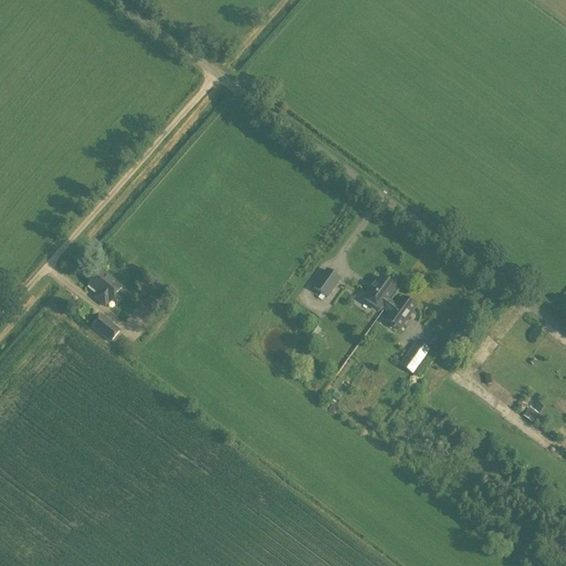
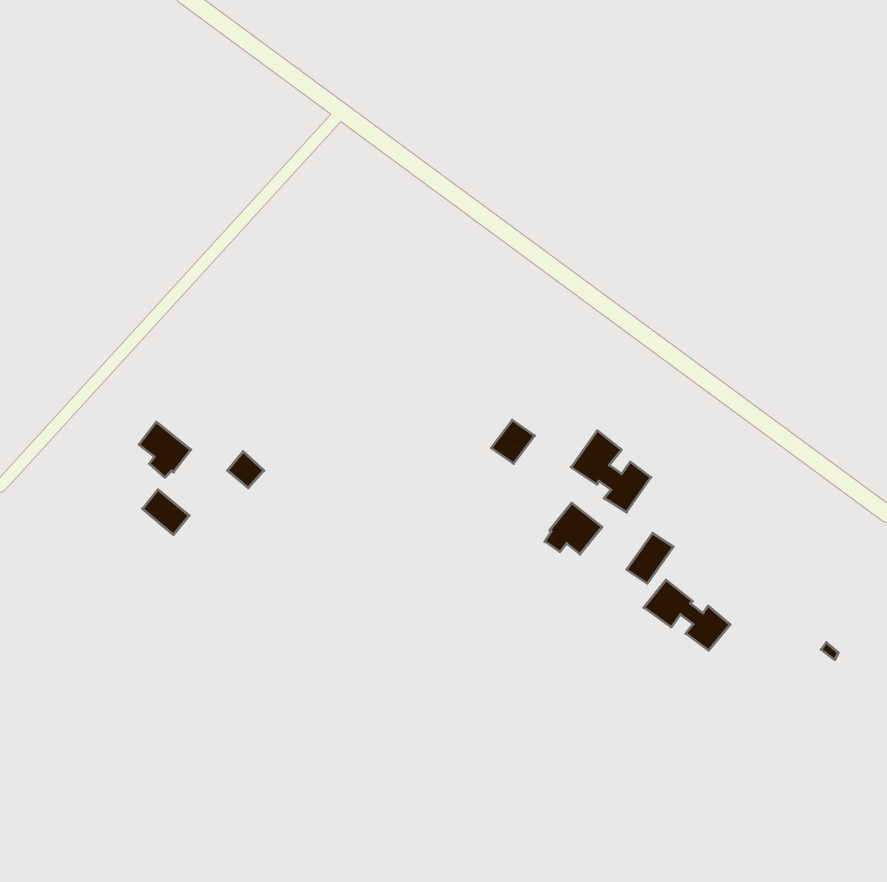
building: none -> [545,503,602,554]
building: none -> [644,580,730,650]

